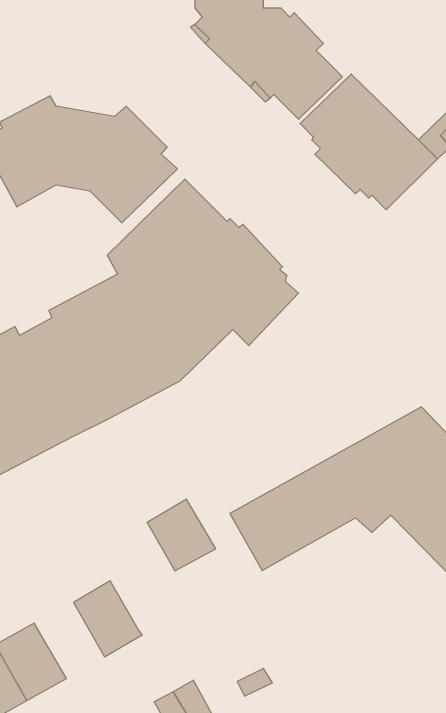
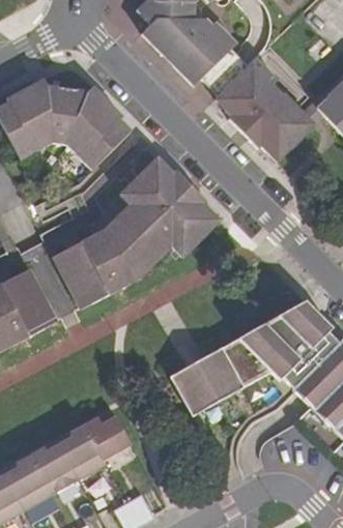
building: [147,499,216,571] -> [85,407,134,458]
building: none -> [31,439,81,493]

